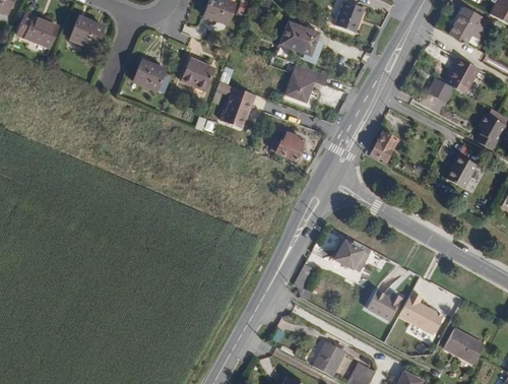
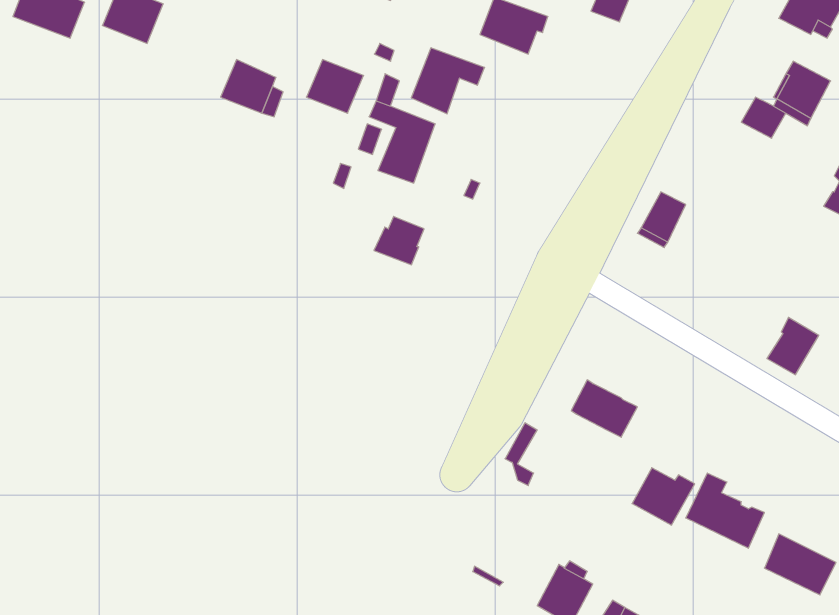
building: [287,64,328,102] -> [411,48,485,114]
building: [274,132,303,159] -> [374,216,424,265]
building: [446,152,475,185] -> [767,317,819,375]

